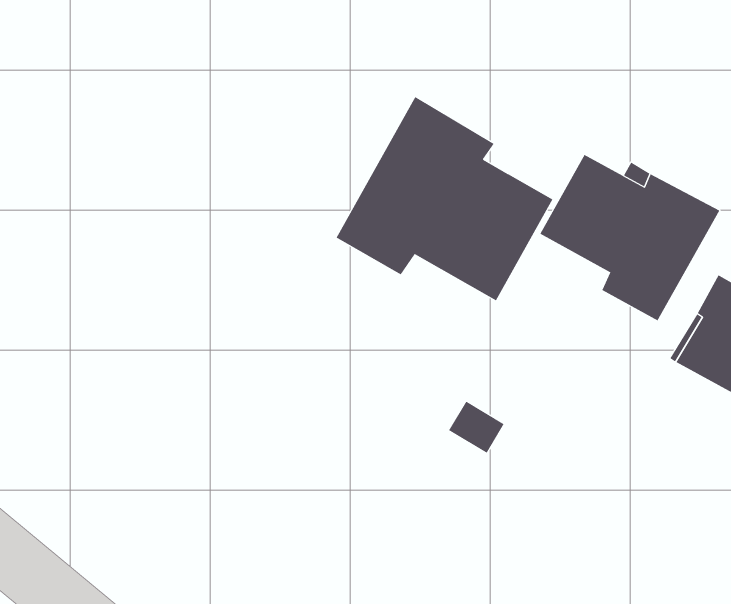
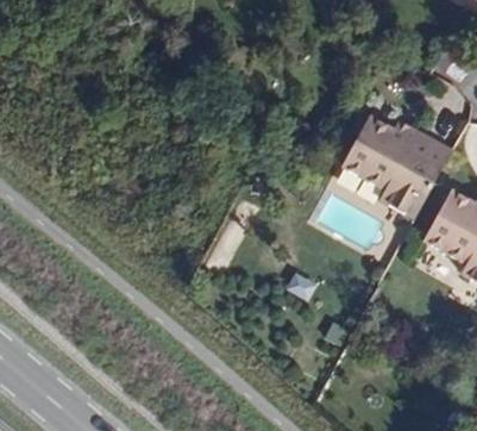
building: [336,96,553,301] -> none

